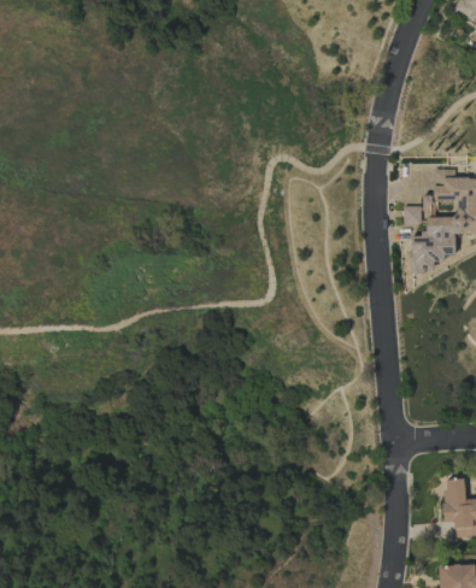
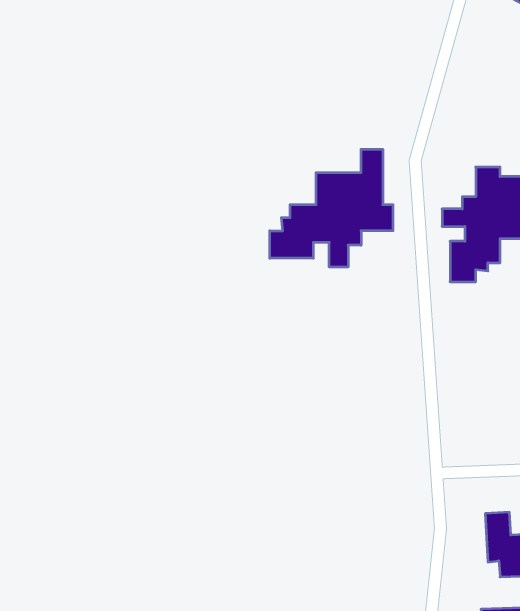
building: none -> [270,149,393,267]

